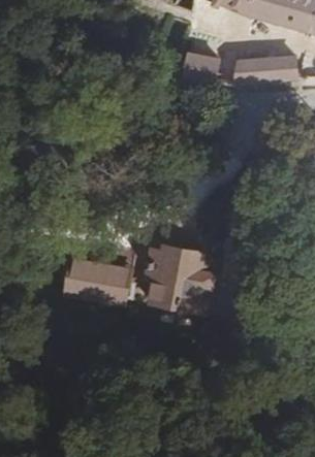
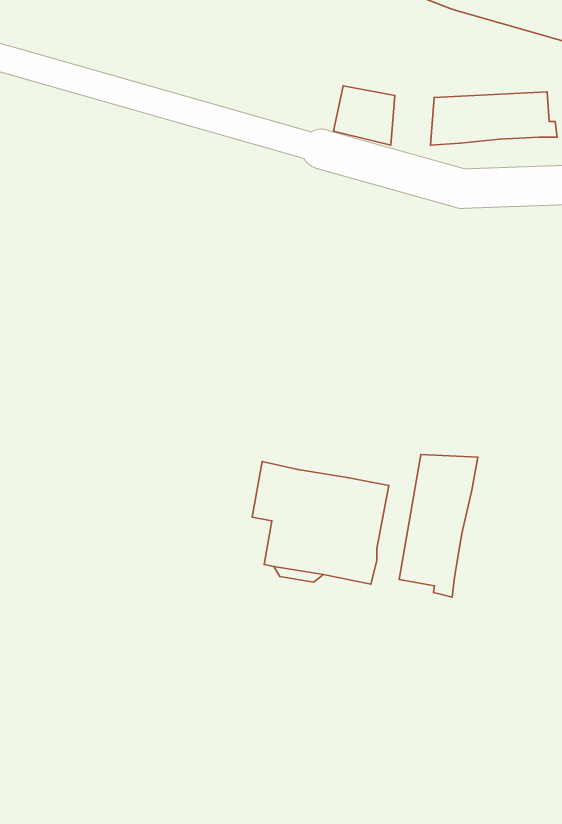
building: none -> [399,455,478,597]
building: [65,257,129,303] -> none

